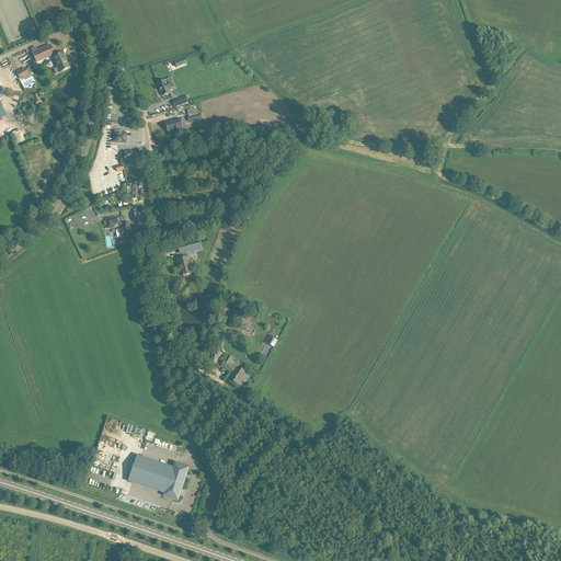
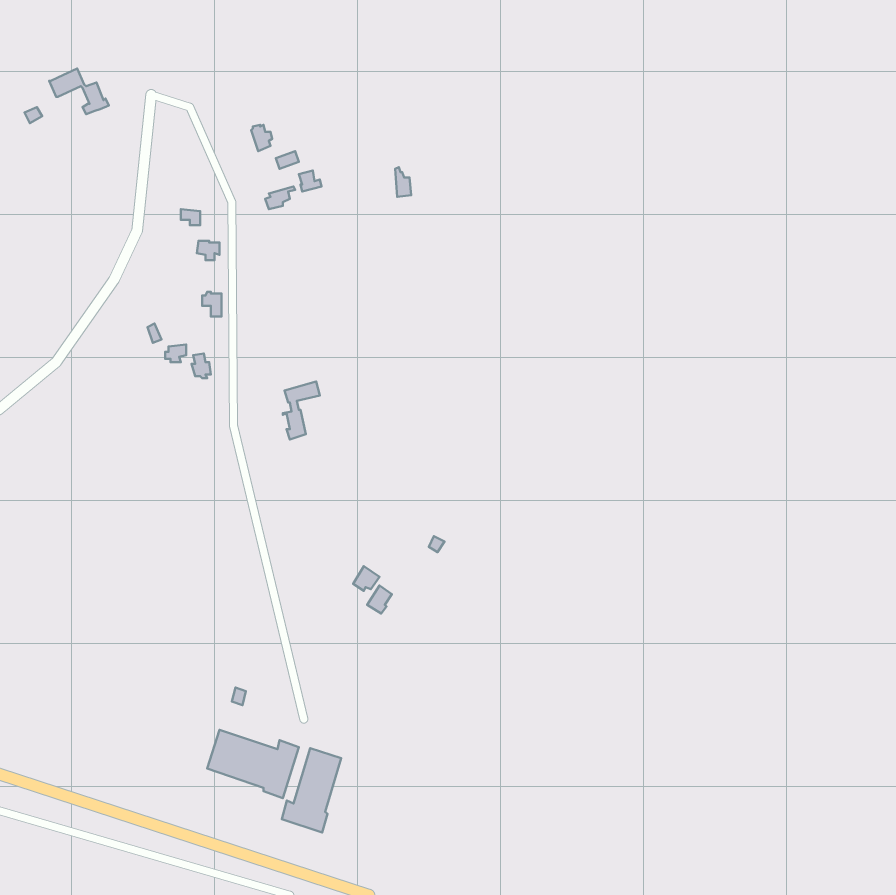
building: none -> [282,748,341,832]

